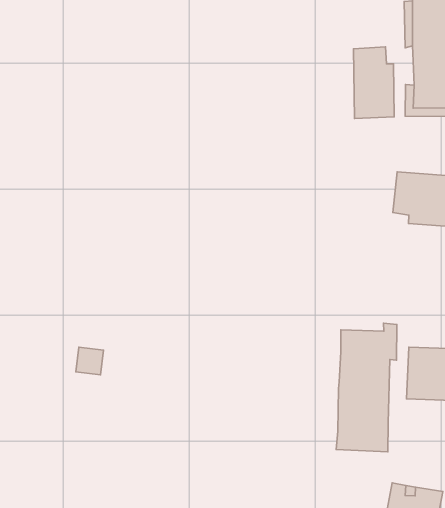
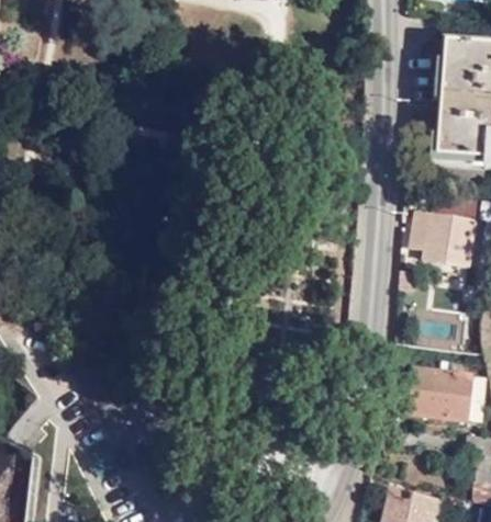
building: [353,47,394,119] -> none
building: [336,323,397,452] -> none

